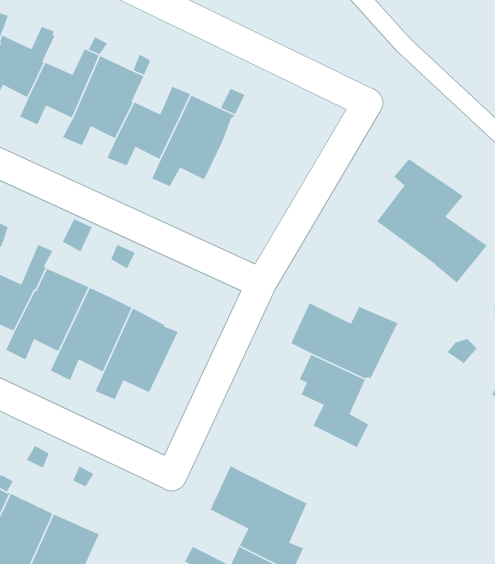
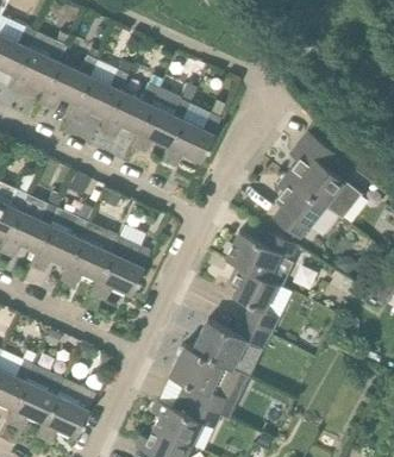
building: none -> [161,105,218,168]
building: none -> [273,176,326,239]
building: none -> [194,318,273,376]

